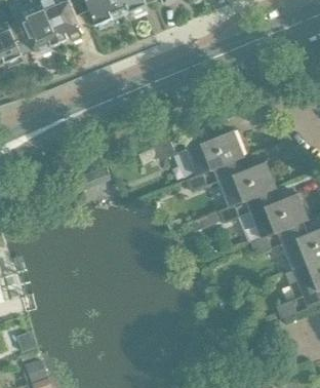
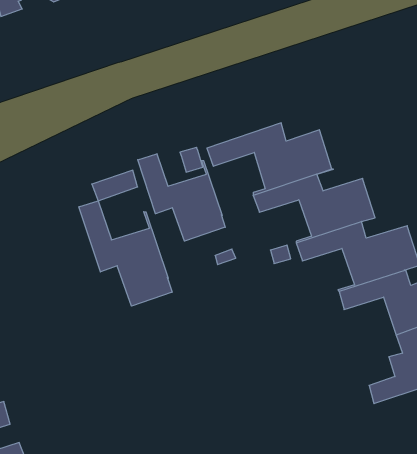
building: none -> [138,154,225,241]
building: none -> [79,201,172,306]

